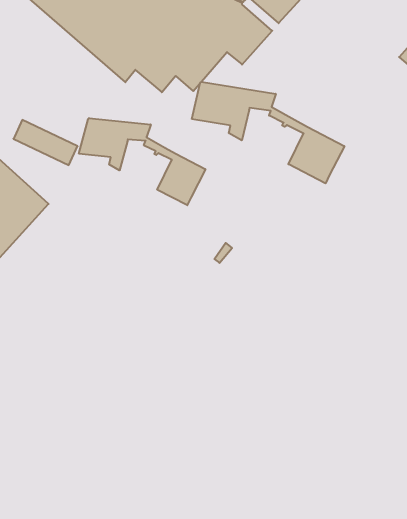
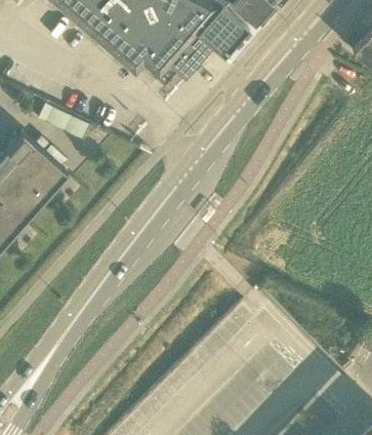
building: [192,82,344,183] -> none
building: [79,118,205,205] -> none

